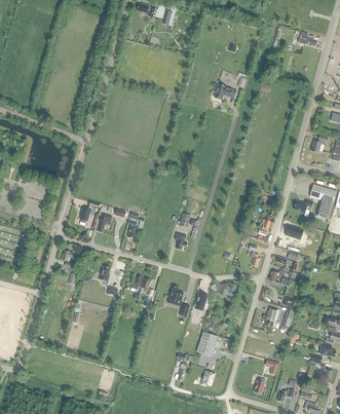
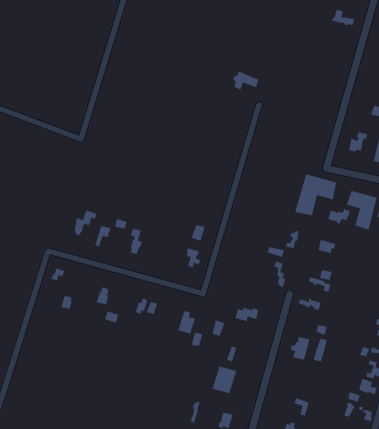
building: none -> [295,174,337,216]

